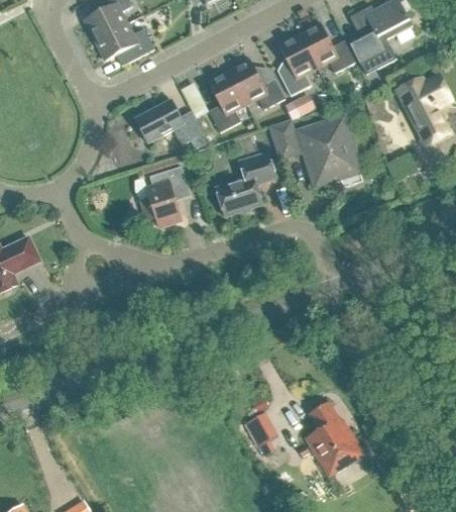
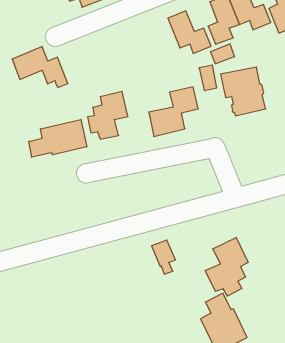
building: [207,69,246,132] -> none
building: [135,99,207,147] -> [12,47,68,87]
building: none -> [29,119,87,157]
building: none -> [205,237,248,296]
building: [246,412,277,454] -> [152,240,176,274]

